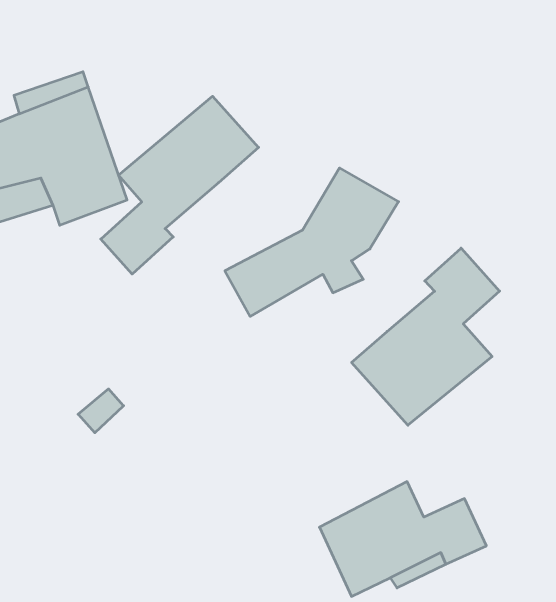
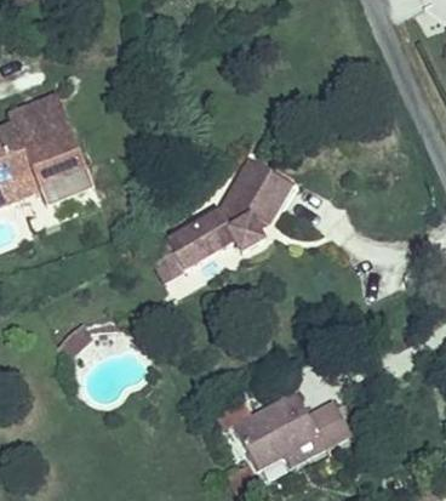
building: [101,96,259,274] -> none
building: [352,248,500,425] -> none

